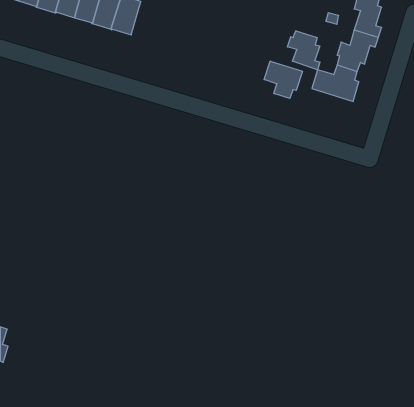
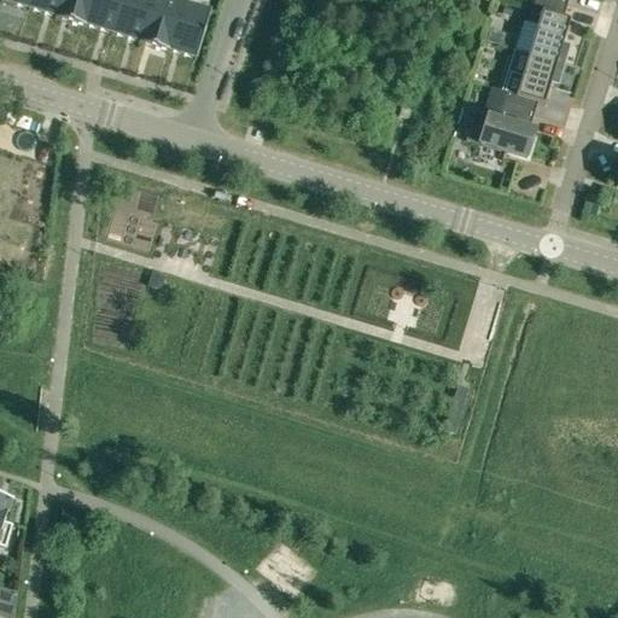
building: [287,31,320,70] -> none
building: [264,61,302,98] -> none

